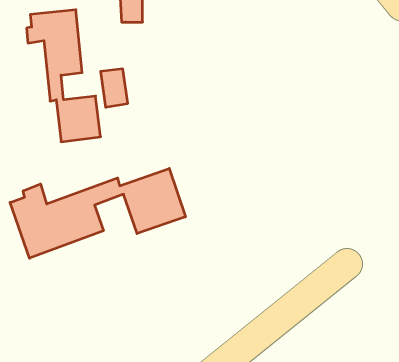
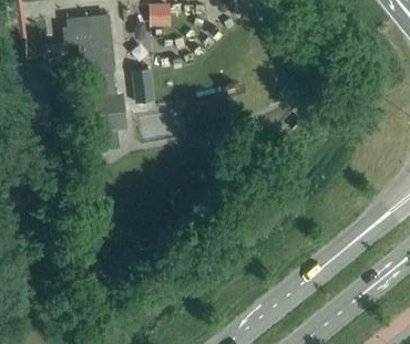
building: [10,168,185,258] -> none

